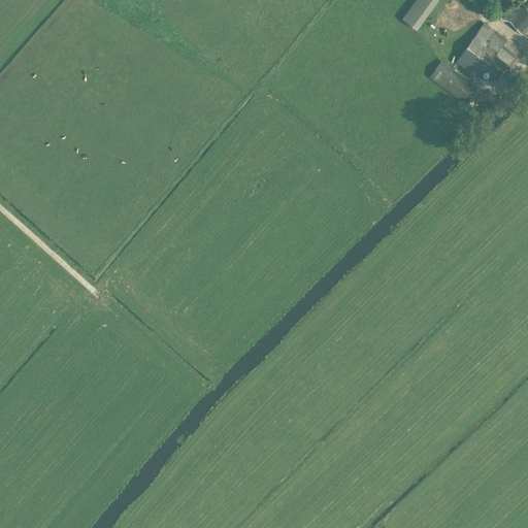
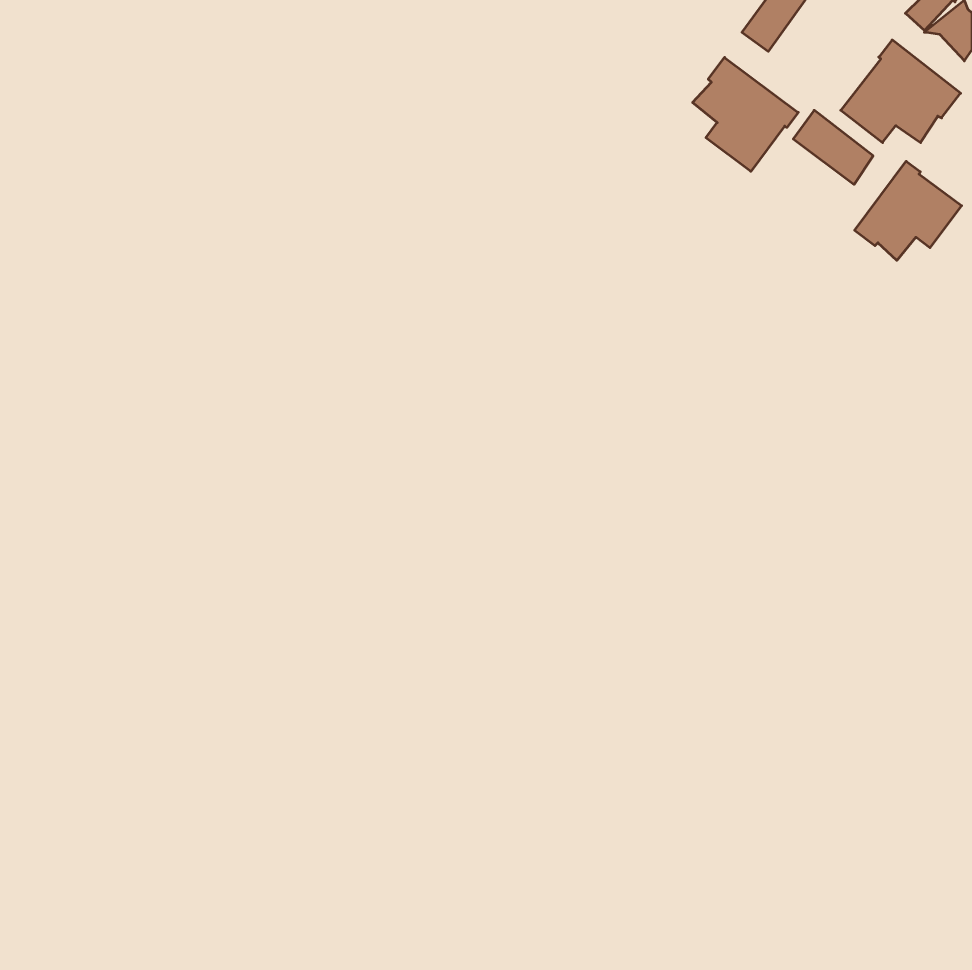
building: none -> [693,57,798,171]
building: none -> [855,161,962,260]

